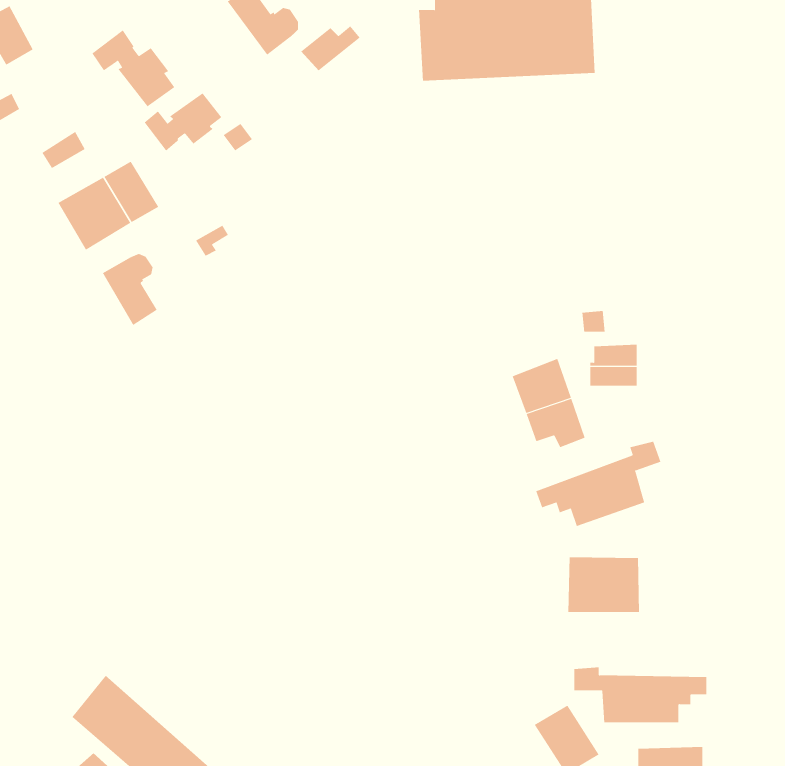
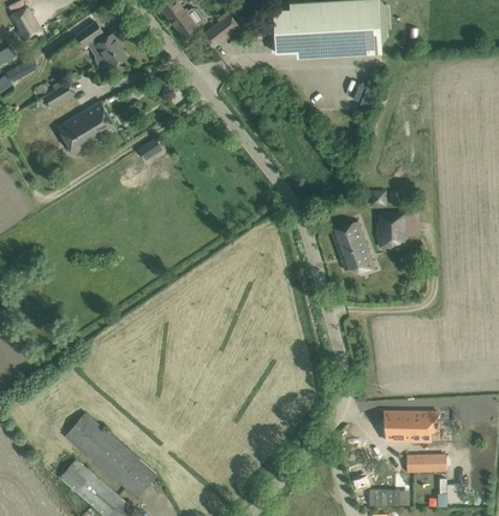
building: [144,93,222,152] -> none
building: [102,253,158,326] -> none
building: [536,441,661,527] -> none
building: [568,556,639,613] -> none

